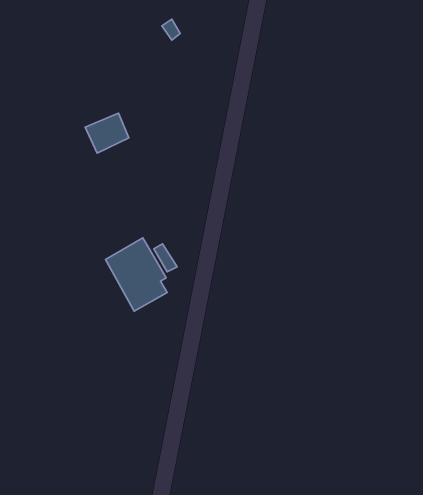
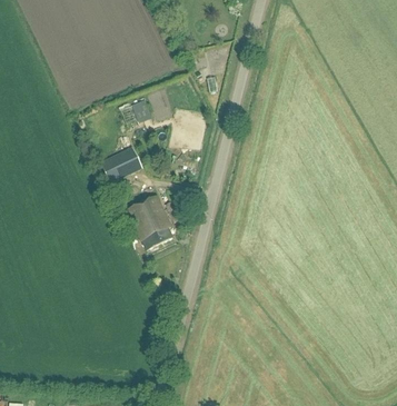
building: none -> [98,146,141,181]

